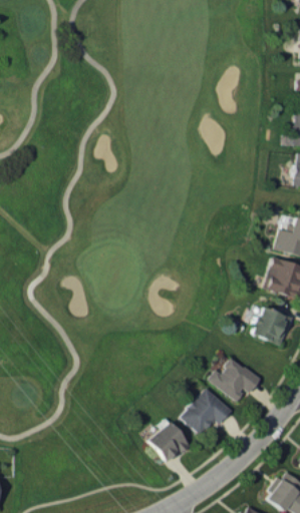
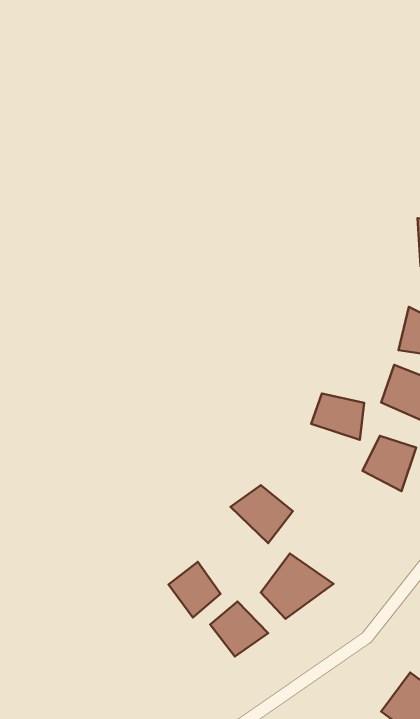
building: none -> [311,394,364,440]
building: [213,359,256,399] -> [230,485,293,543]
building: none -> [168,562,221,617]

